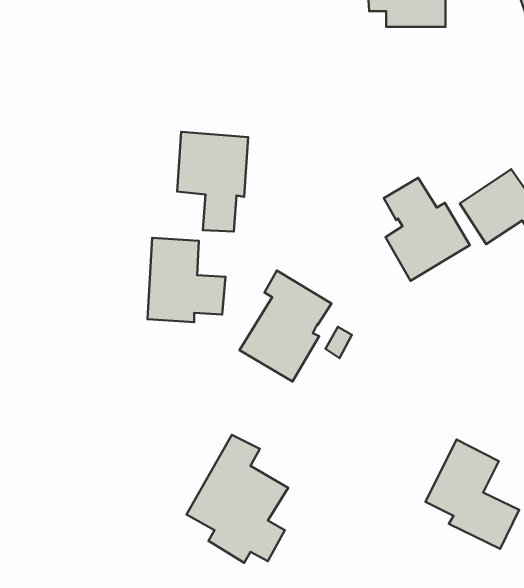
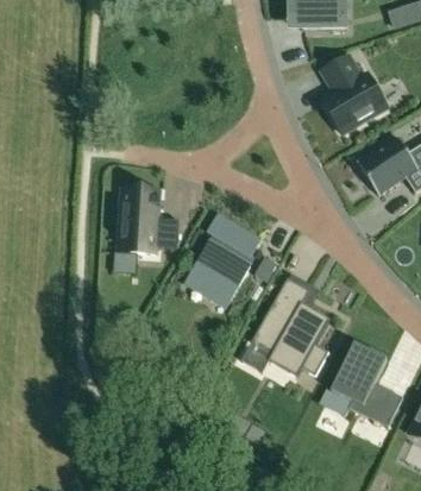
building: [177,132,248,231] -> none
building: [384,178,470,281] -> [321,55,387,133]
building: [186,435,288,563] -> [252,278,329,376]

